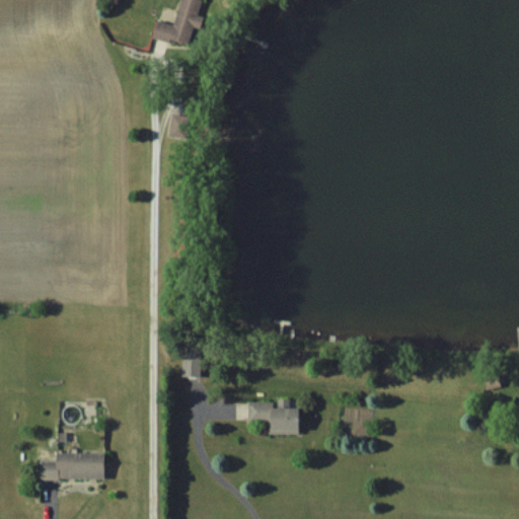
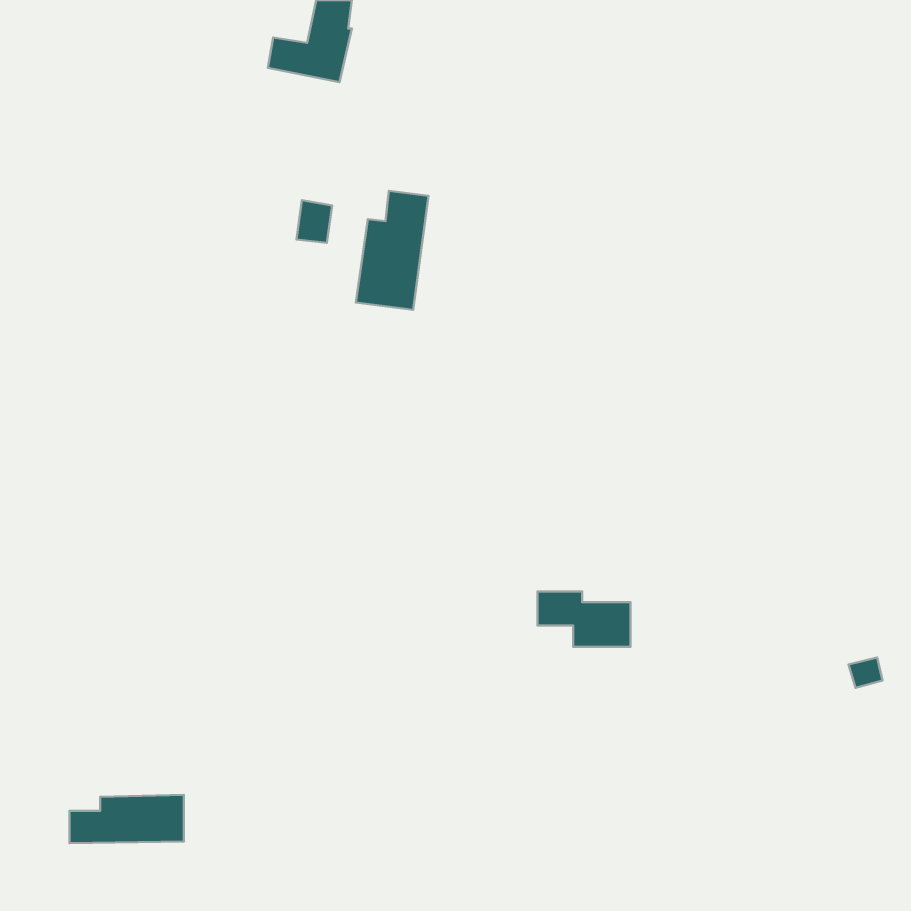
building: none -> [356,191,429,310]
building: [247,402,300,434] -> [538,592,630,647]

